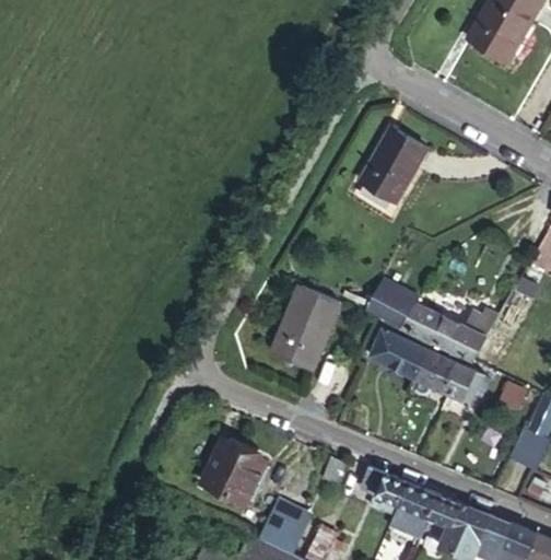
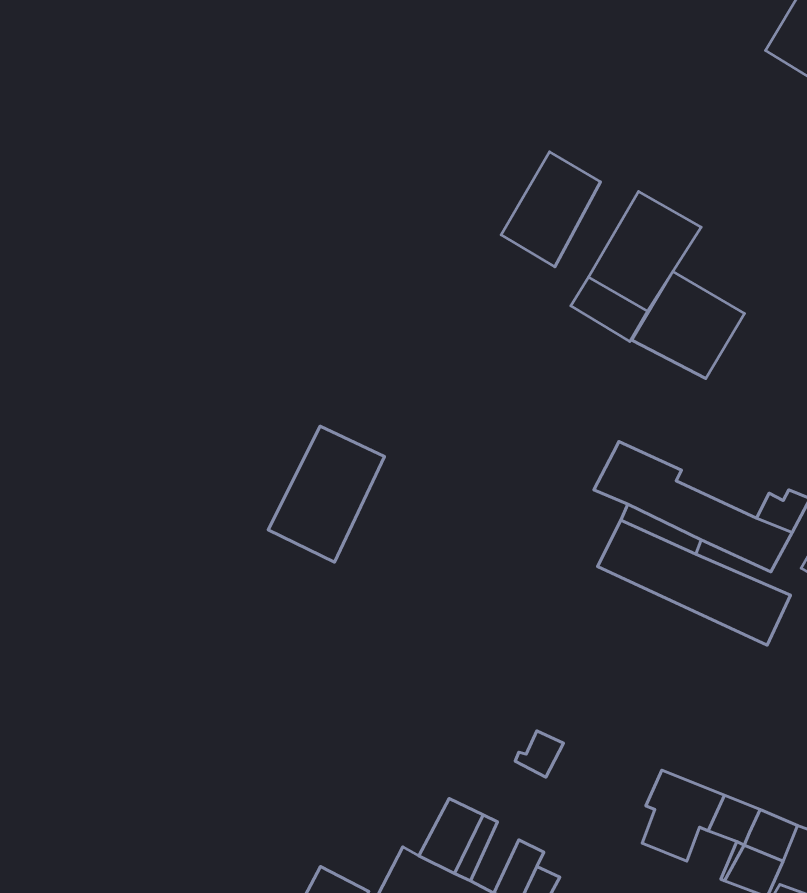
building: none -> [501,152,600,267]
building: none -> [632,272,744,378]
building: [268,280,339,363] -> [268,426,384,562]
building: [202,436,265,499] -> none
building: [359,467,407,504] -> none

